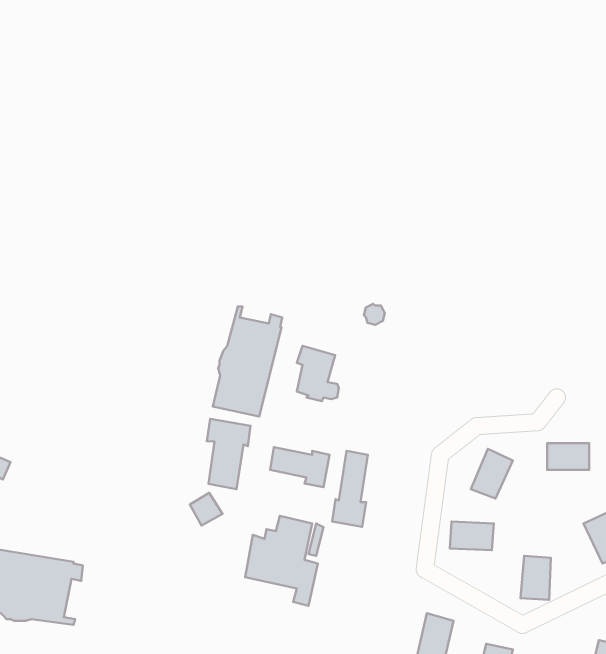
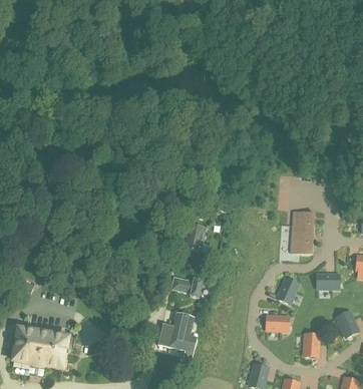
building: [213,306,282,417] -> none
building: none -> [289,211,314,254]
building: [207,419,250,489] -> none
building: [332,451,368,527] -> none

